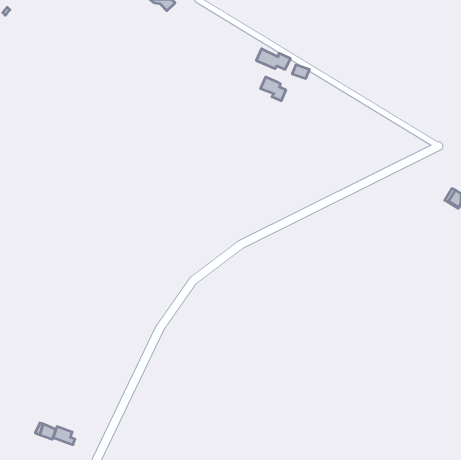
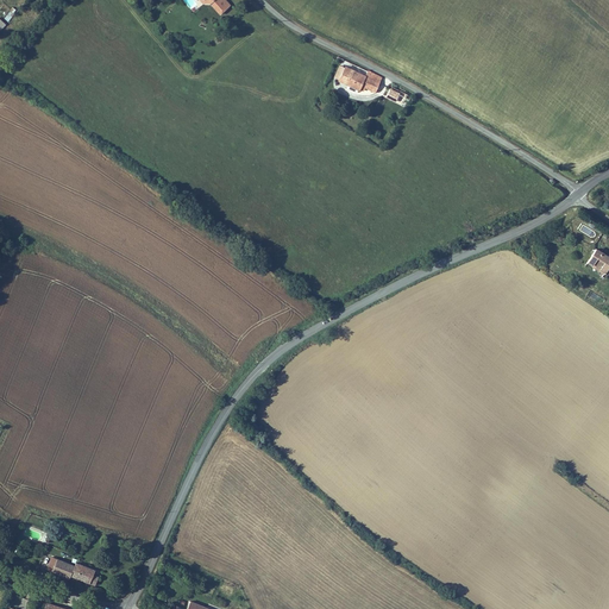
building: [261,77,286,101] -> none

